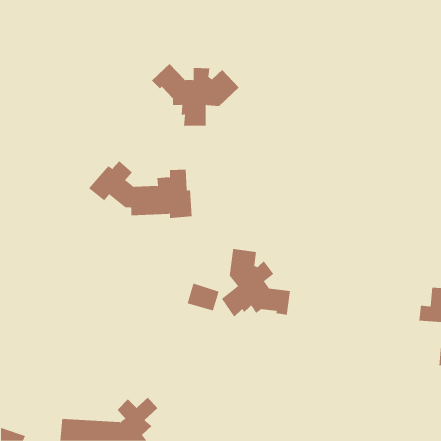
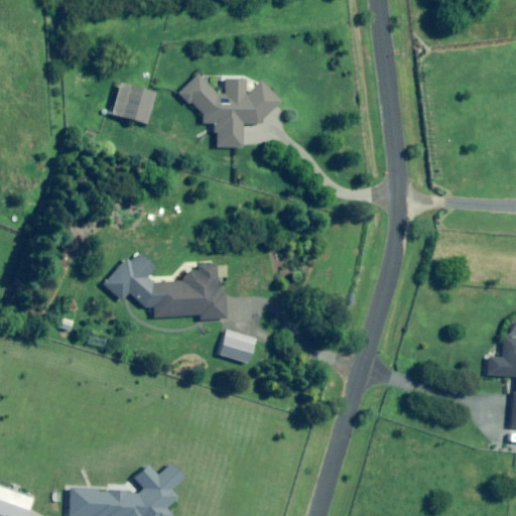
building: none -> [110,83,154,123]
building: [88,160,193,218] -> [104,252,226,319]
building: [221,248,290,317] -> none

